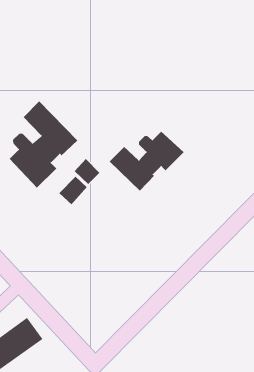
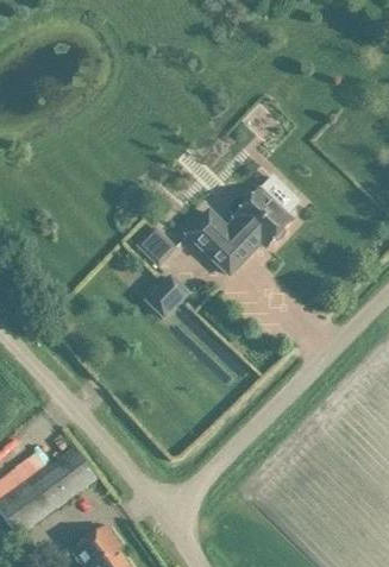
building: [9,101,78,188] -> none
building: [58,176,88,205] -> [146,276,187,316]

